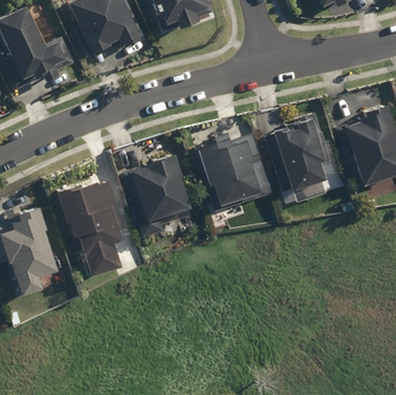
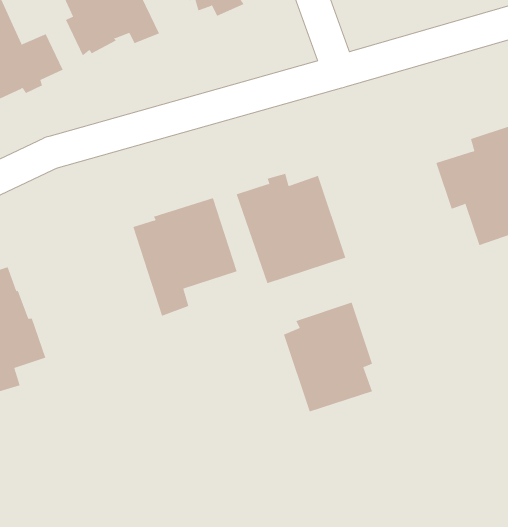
building: [265,116,327,193] -> [283,302,373,412]
building: [51,177,124,275] -> none

